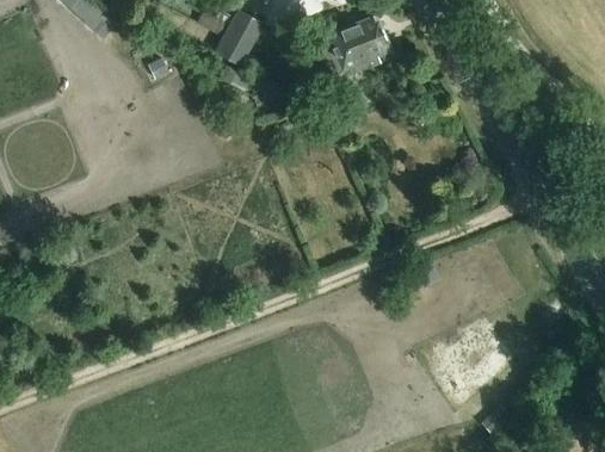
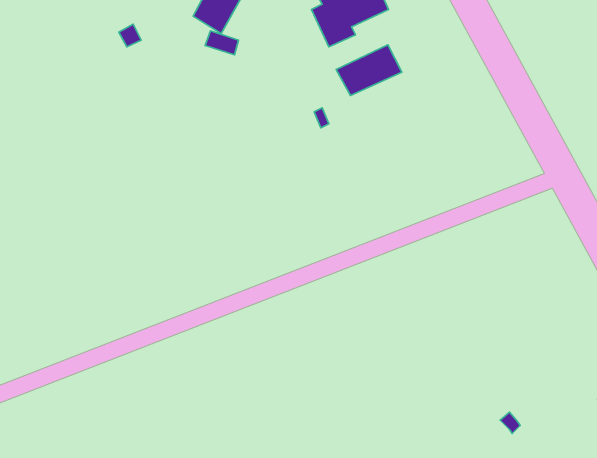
building: none -> [336,45,402,95]

